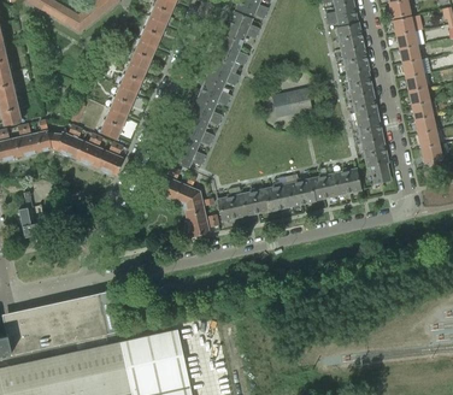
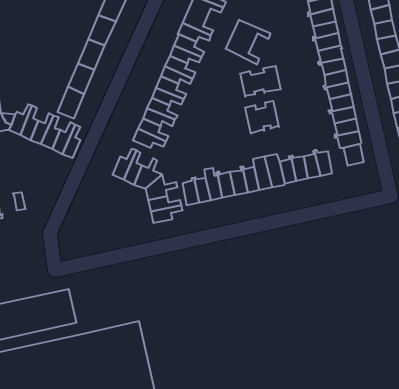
building: none -> [226,20,270,65]
building: none -> [245,101,279,134]

